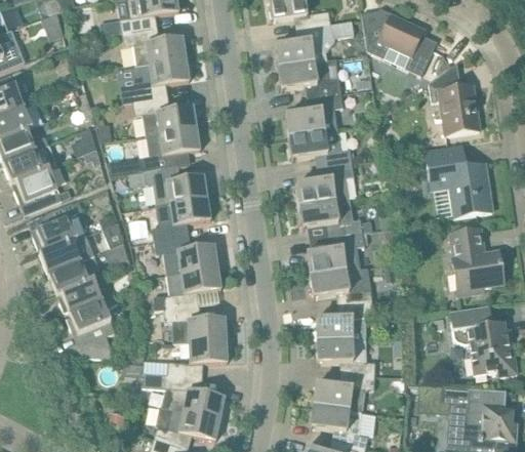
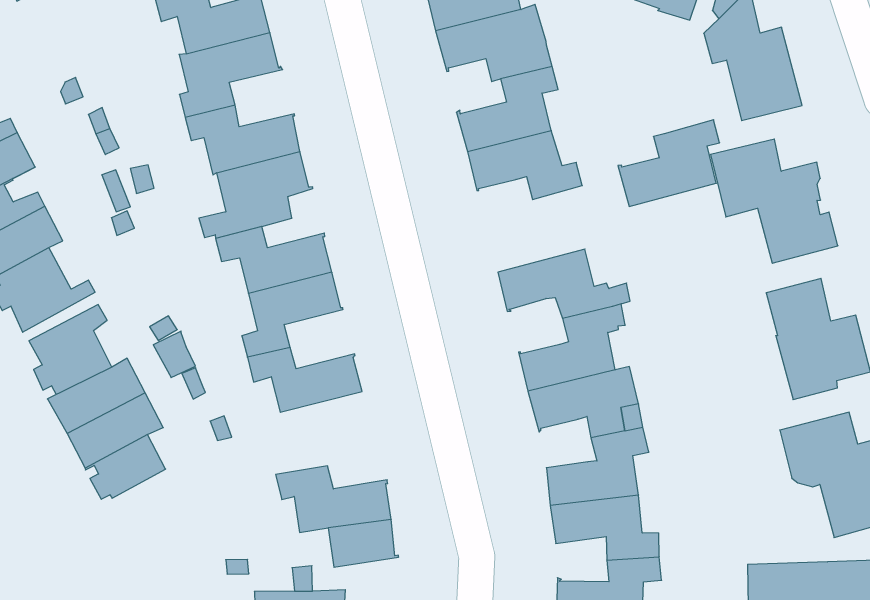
building: [295,161,354,205] -> [618,120,720,206]
building: [153,264,220,307] -> none
building: [66,292,119,357] -> none

